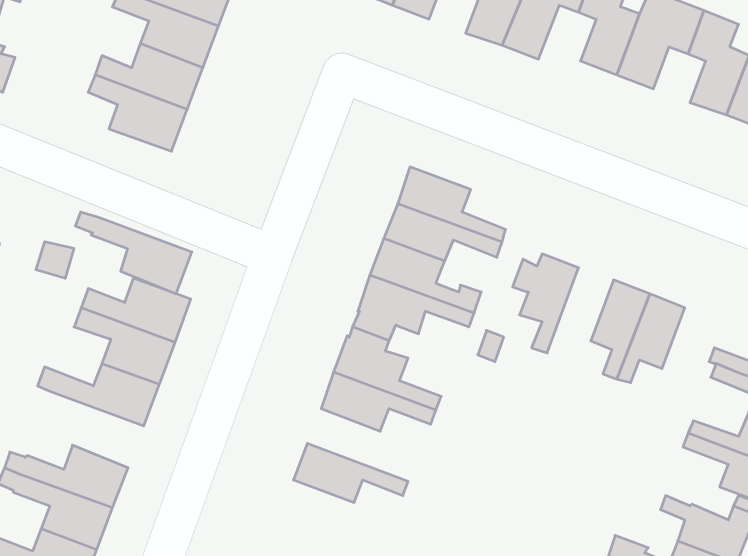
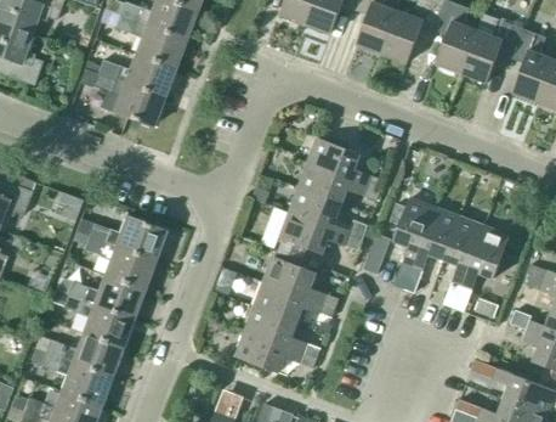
building: [75,212,192,294] -> [50,291,131,348]
building: none -> [413,208,459,270]
building: none -> [245,306,320,358]

